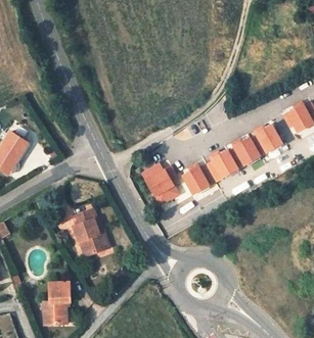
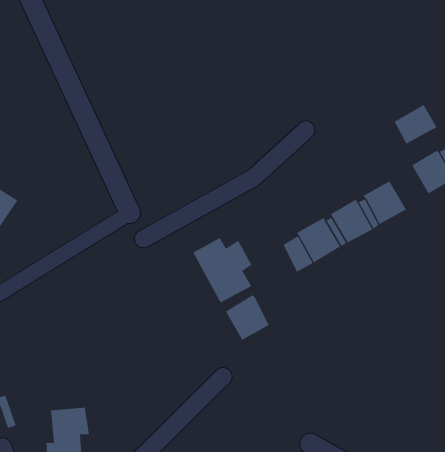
building: none -> [394,104,437,145]
building: [181,166,211,197] -> [225,295,270,341]
building: [72,208,111,257] -> none

